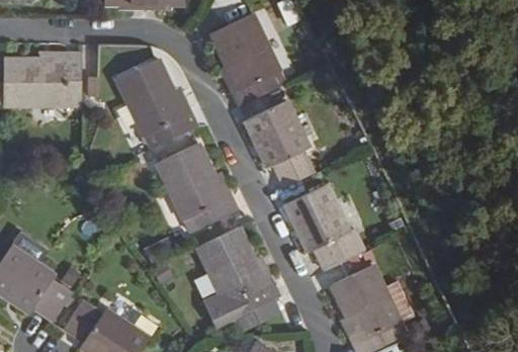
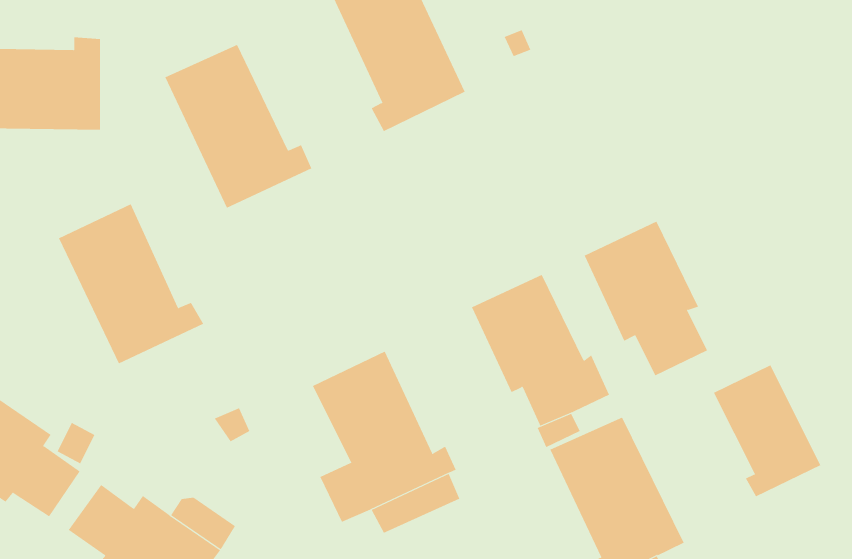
building: [246,101,315,187] -> [584,221,708,376]
building: [158,144,239,233] -> [58,203,204,364]
building: none -> [713,365,821,497]

